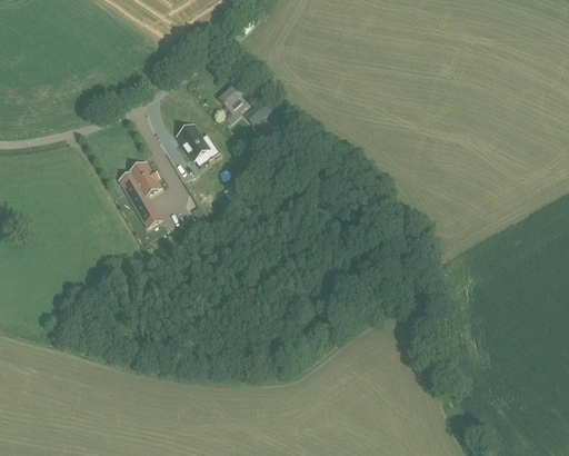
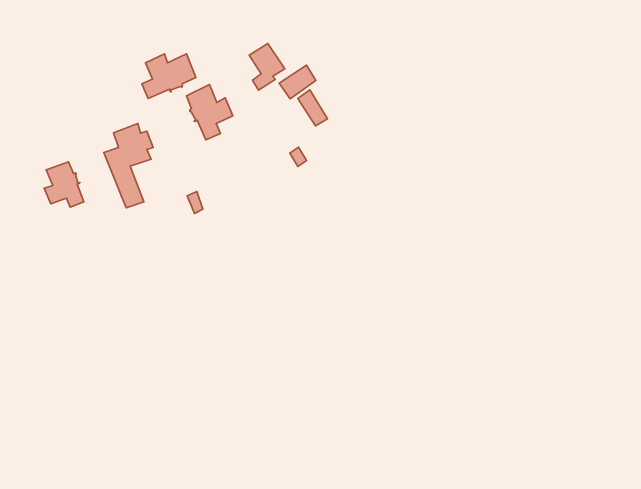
building: none -> [142,54,196,98]
building: none -> [44,162,84,207]

